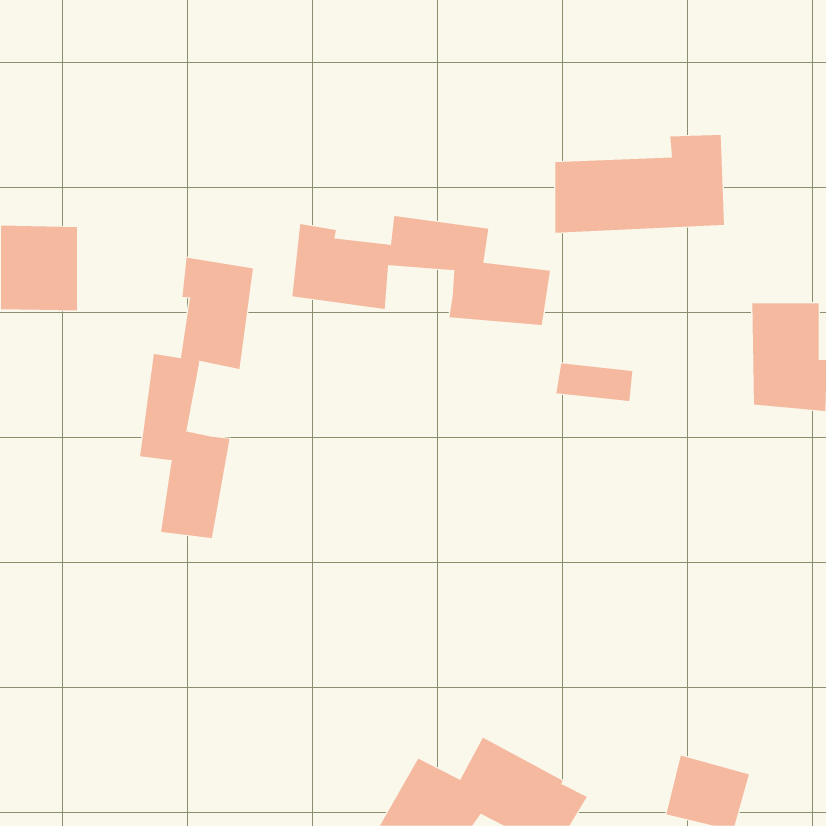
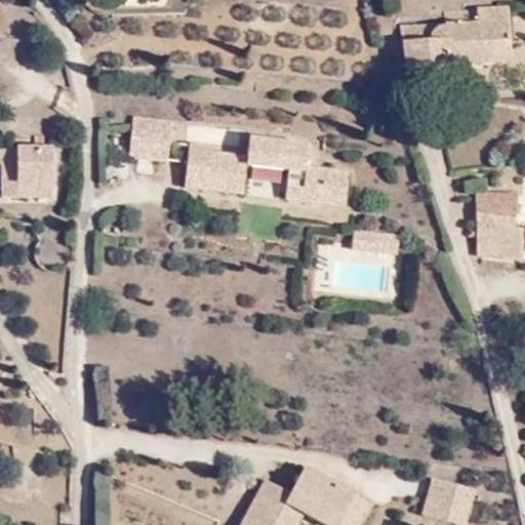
building: [555,134,725,233] -> [405,7,513,70]
building: none -> [129,115,174,163]
building: [139,257,254,539] -> none

